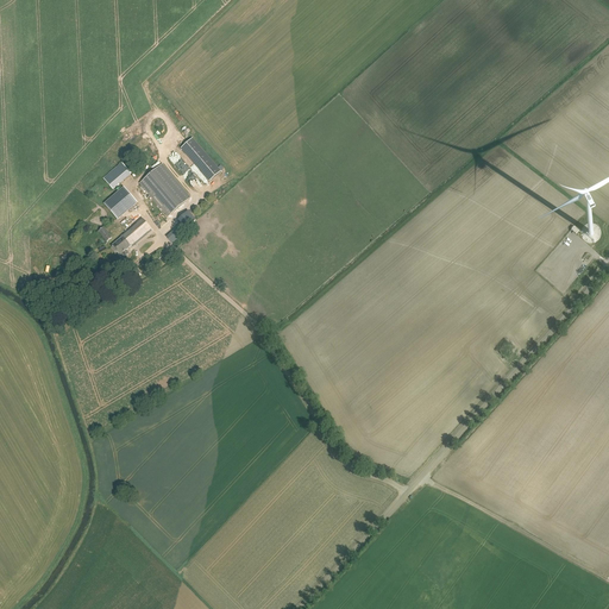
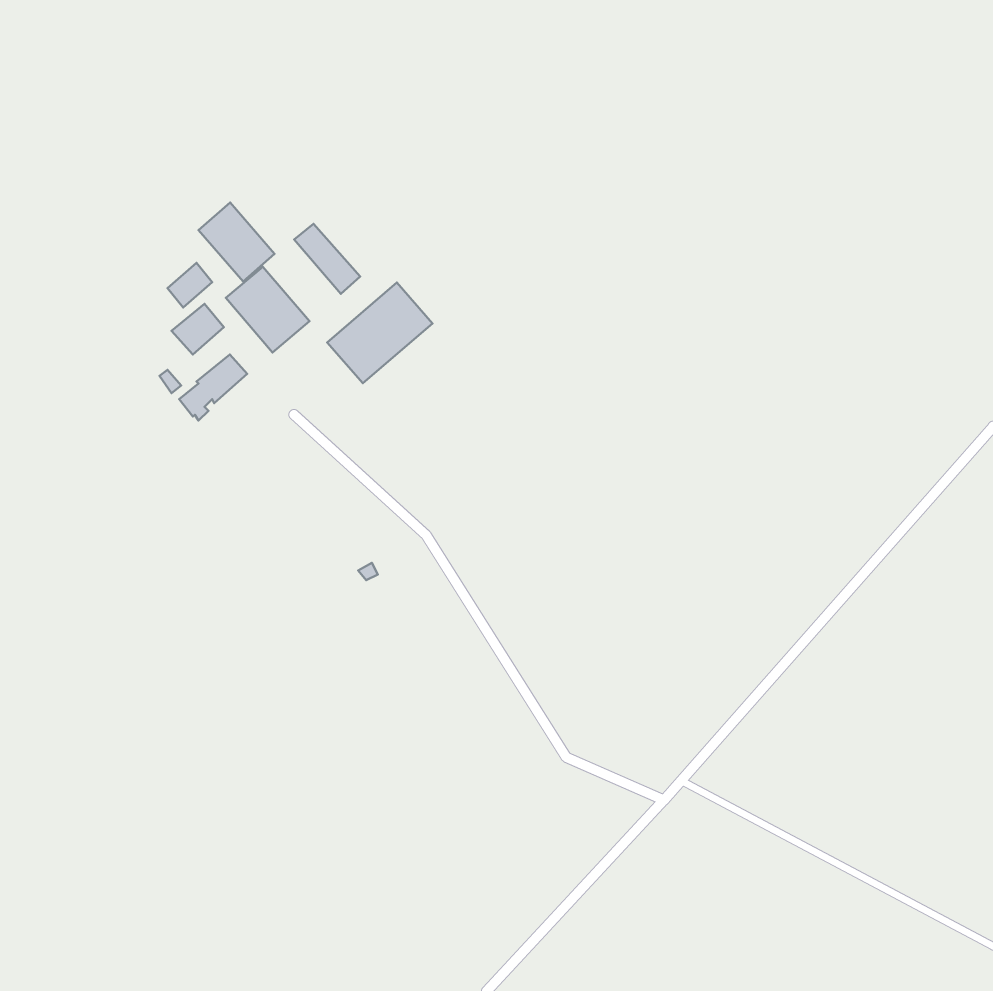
building: none -> [199,202,275,282]
building: none -> [327,283,433,383]

